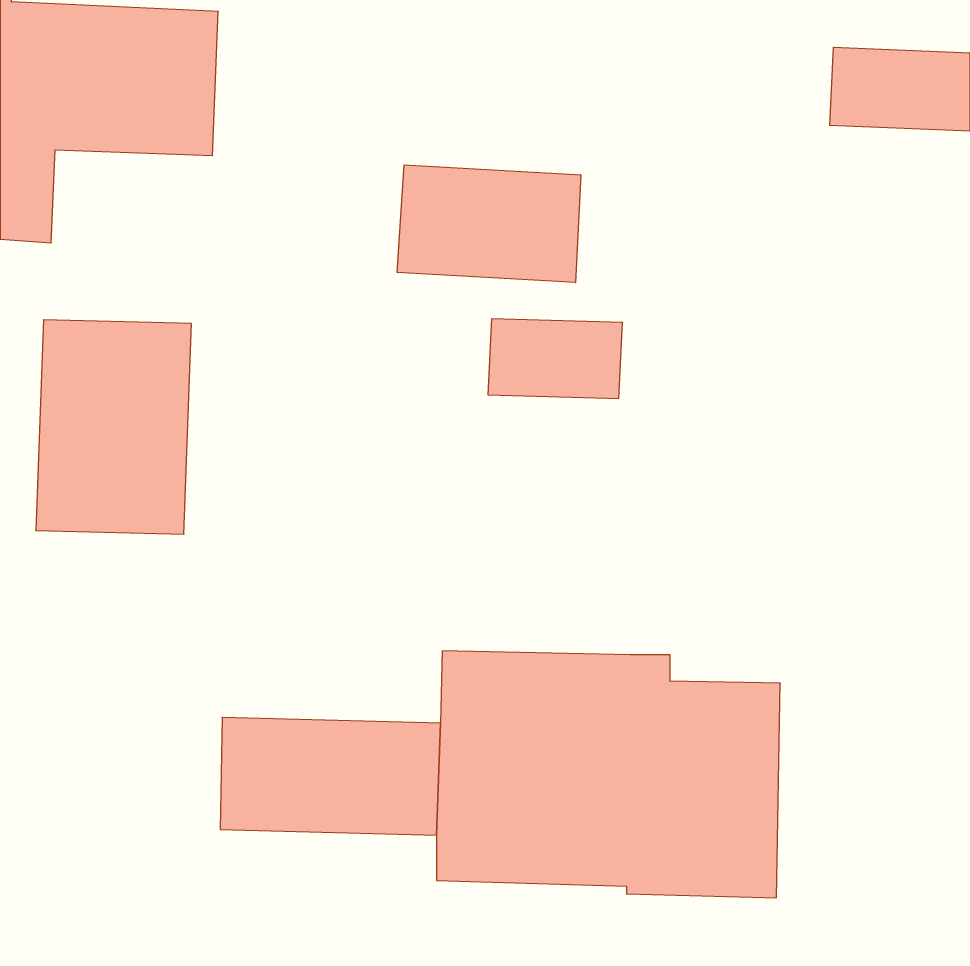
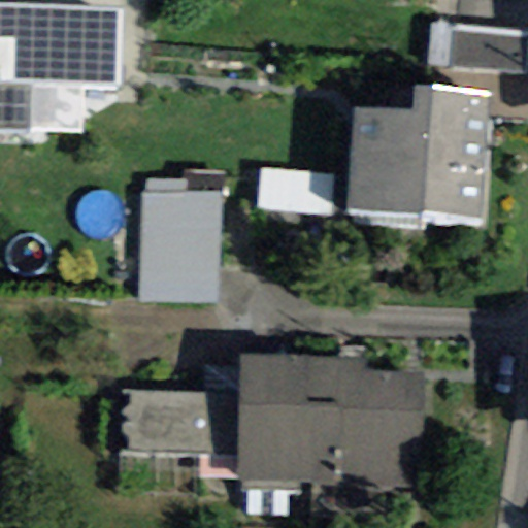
building: none -> [348,88,490,221]
building: [397,165,581,283] -> none
building: [36,320,191,534] -> [136,188,221,304]

